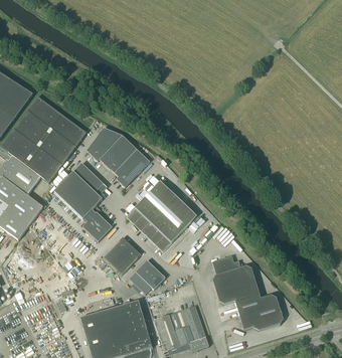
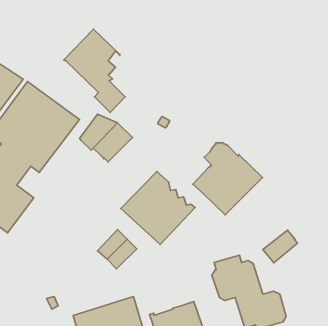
building: [114,149,150,187] -> none
building: none -> [193,142,263,215]
building: [53,162,112,241] -> [64,29,125,113]
building: none -> [263,230,298,263]
building: [129,259,165,294] -> none

